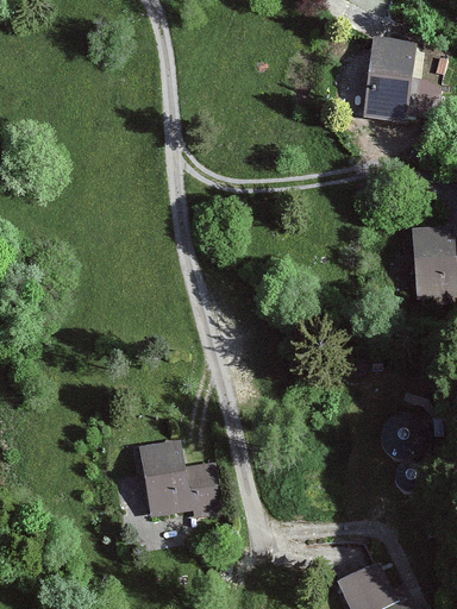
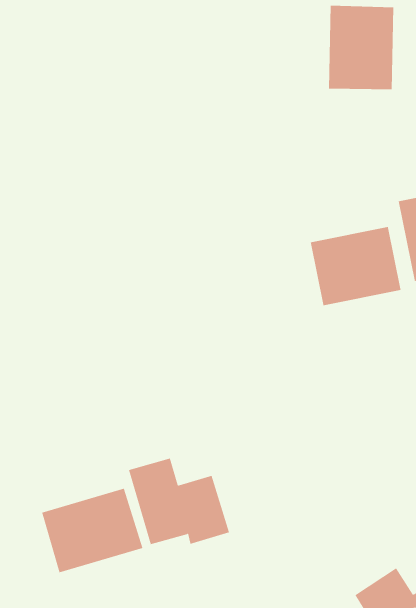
building: none -> [310,226,401,306]
building: none -> [42,488,143,573]

